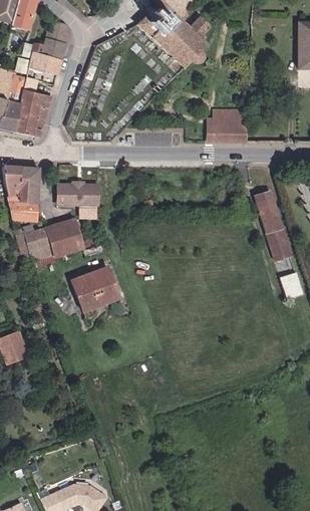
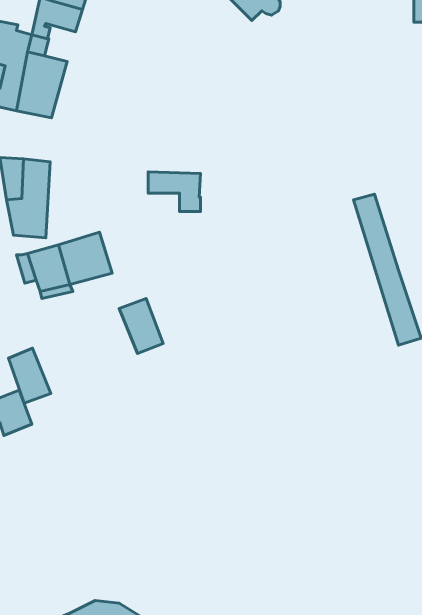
building: [215,108,248,142] -> none
building: [58,189,95,217] -> [148,172,201,211]
building: [71,272,101,311] -> [9,348,51,403]

